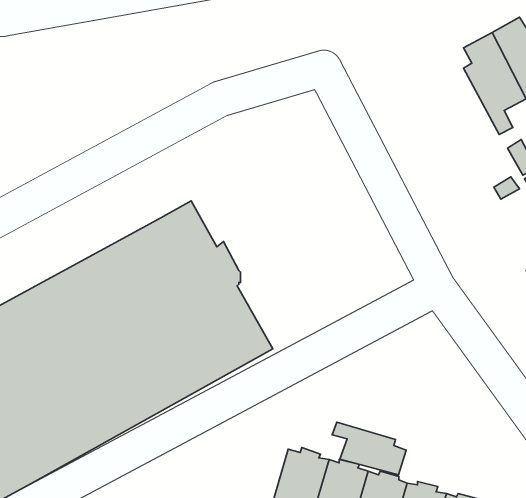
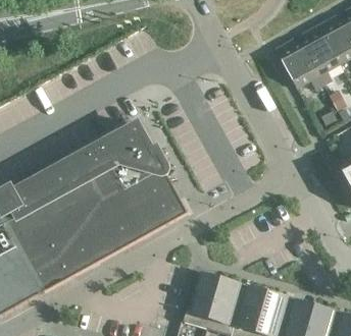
building: none -> [274,36,322,88]
building: [332,422,406,475] -> none

